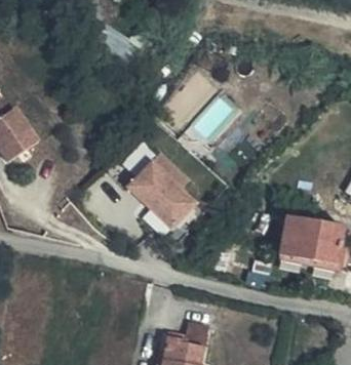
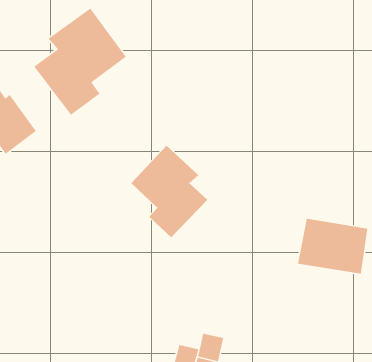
building: none -> [33,8,127,116]

